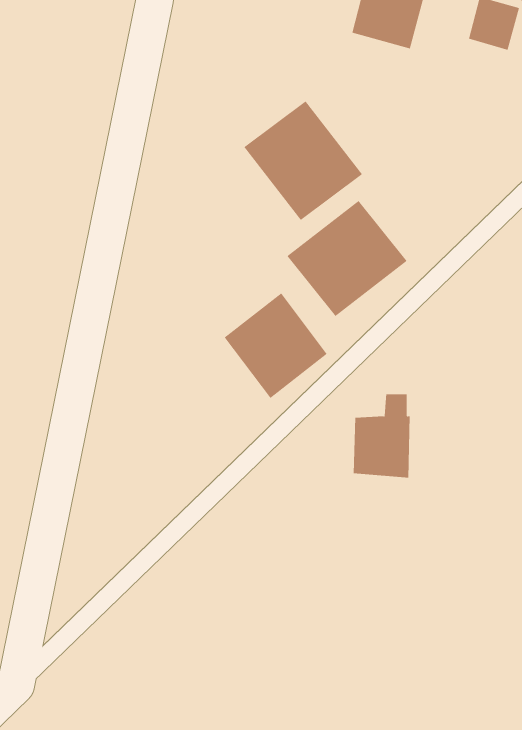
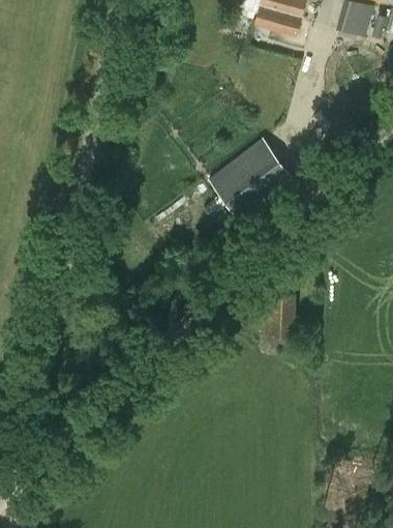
building: [243,101,363,221] -> none
building: [224,293,328,399] -> none

